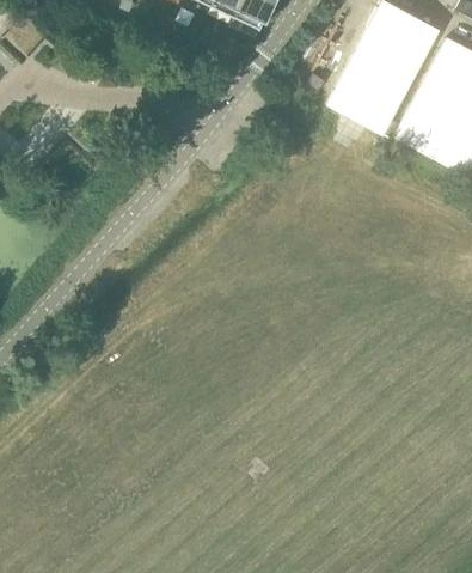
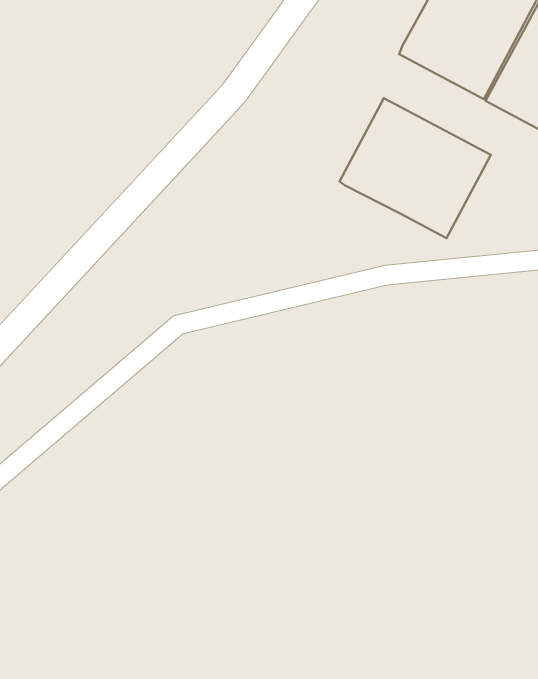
building: none -> [339,98,491,238]

